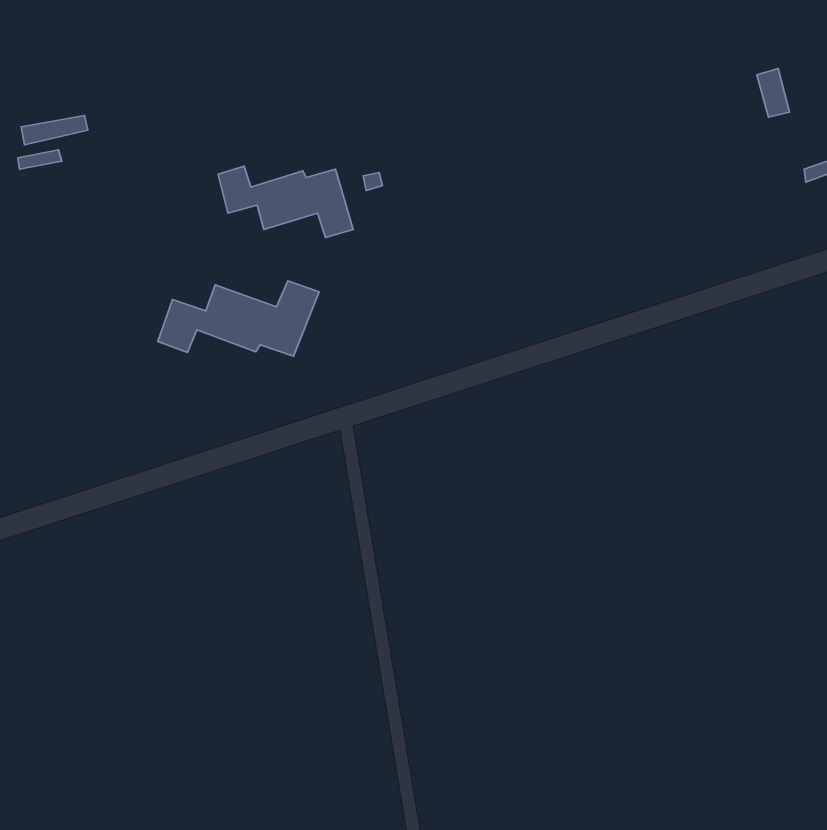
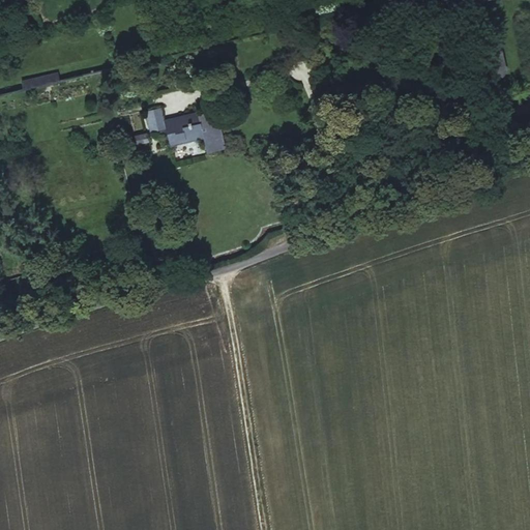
building: [158,281,319,356] -> none

